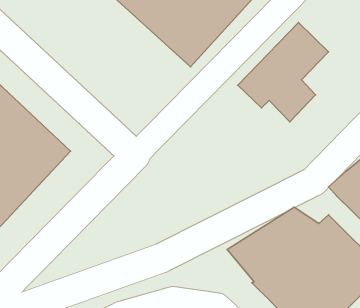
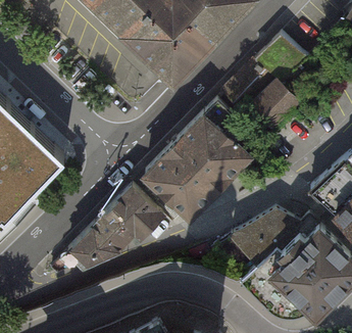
building: none -> [147,99,263,216]
building: none -> [53,185,165,274]

